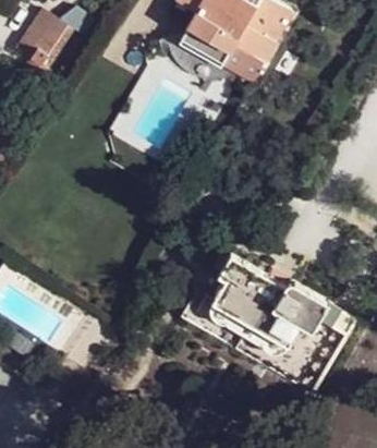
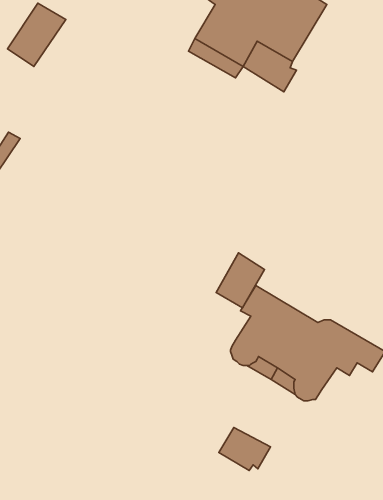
building: none -> [216,253,264,308]
building: none -> [219,428,270,470]

